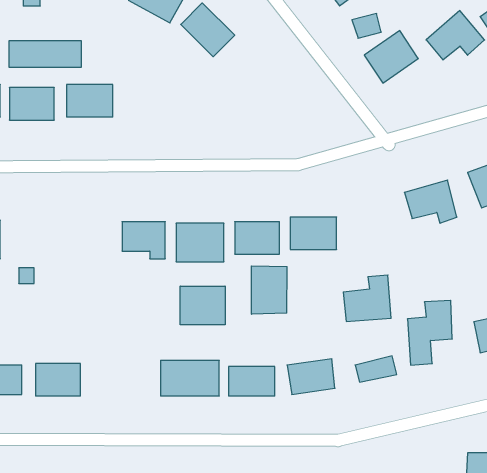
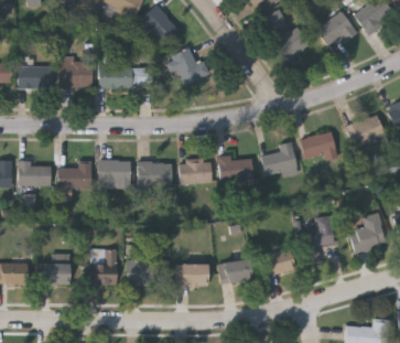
building: [9,41,81,67] -> [98,67,150,86]
building: none -> [170,47,209,85]
building: none -> [17,161,50,185]
building: none -> [57,161,90,189]
building: [252,266,287,314] -> none
building: [343,275,391,321] -> [261,143,295,176]
building: [180,286,225,325] -> none
building: none -> [90,249,116,283]

